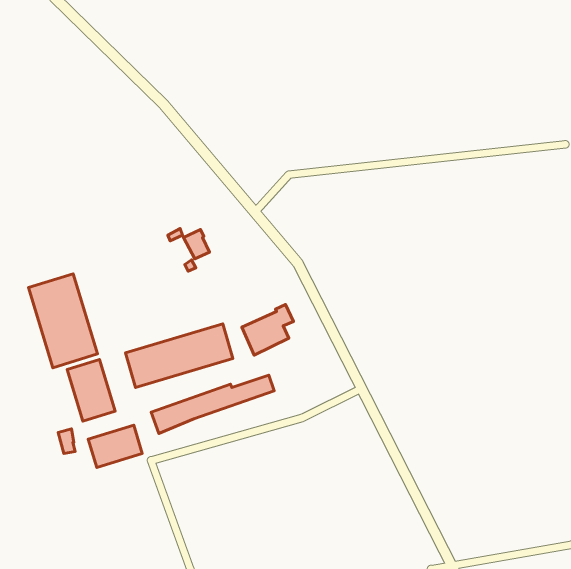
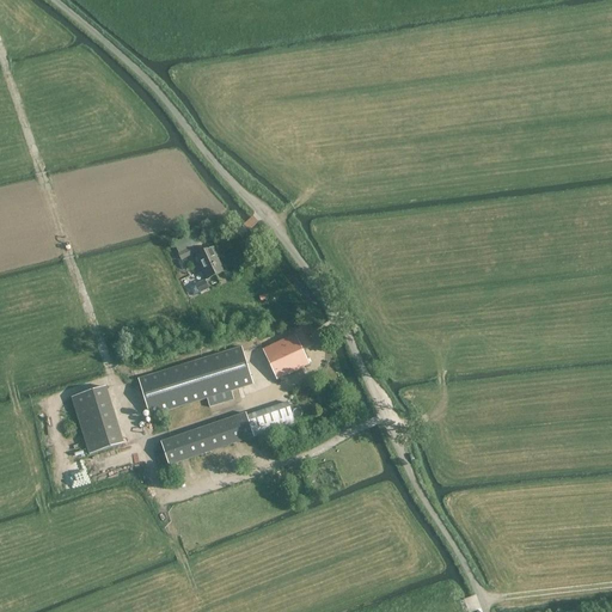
building: [29,274,98,368] -> none
building: [88,425,142,467] -> none

